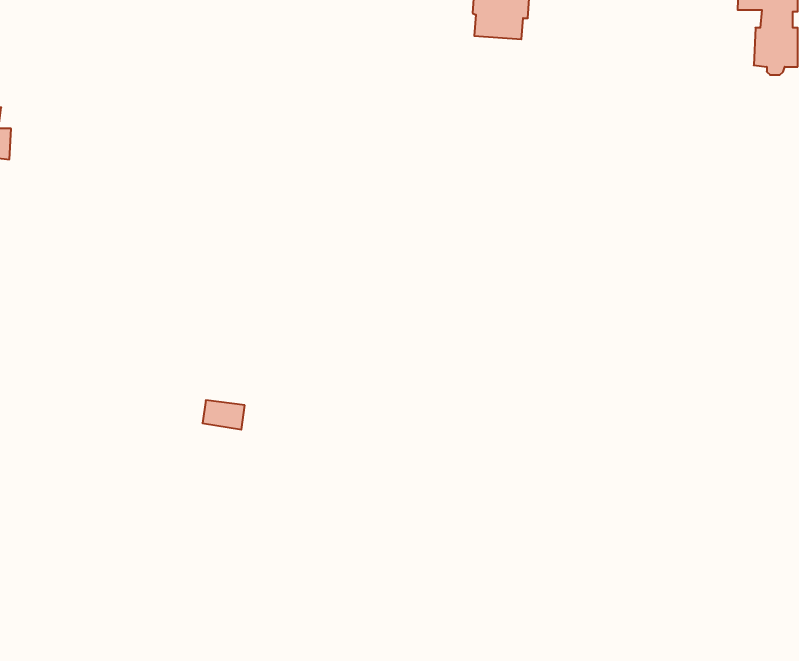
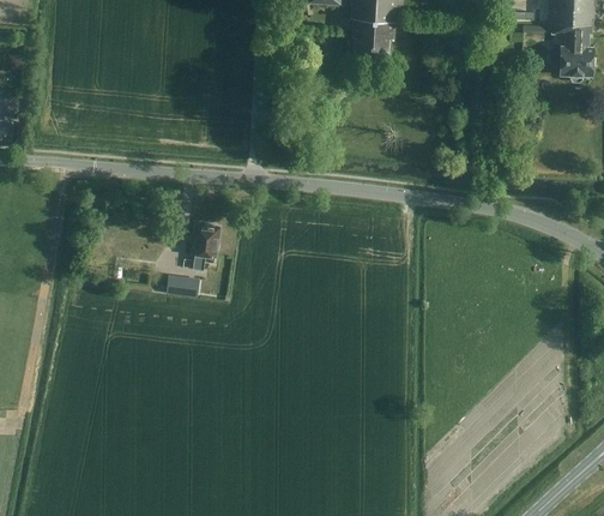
building: none -> [192,223,218,269]
building: [202,400,245,430] -> [167,274,198,295]

